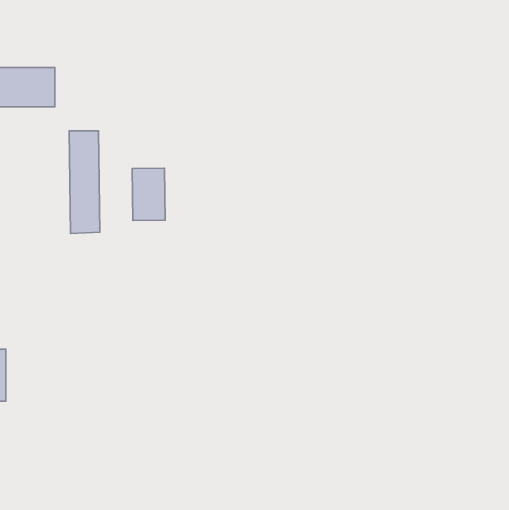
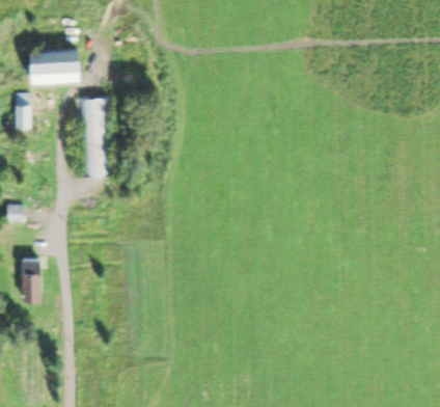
building: [132,168,165,220] -> none

